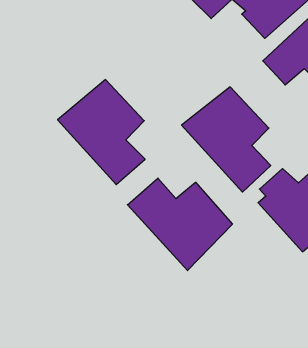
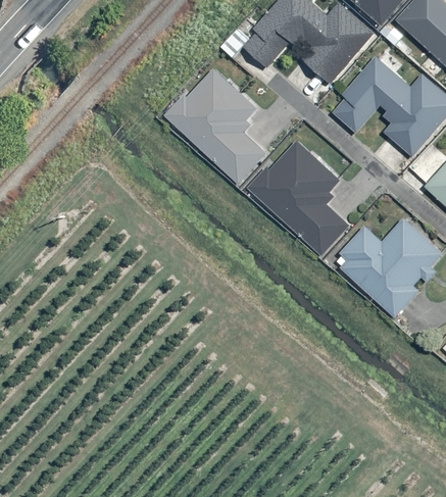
building: [58,80,145,185] -> [163,67,265,184]
building: [127,178,232,271] -> none

